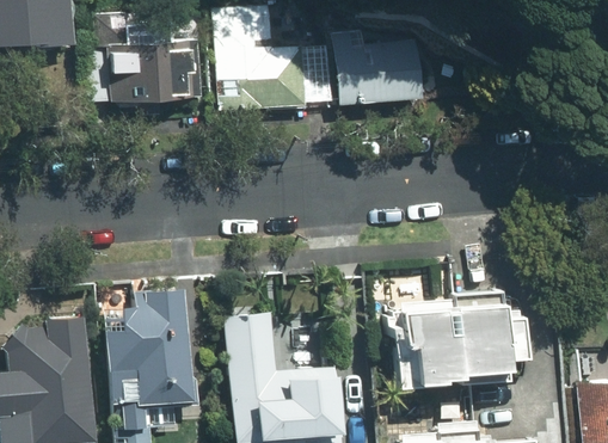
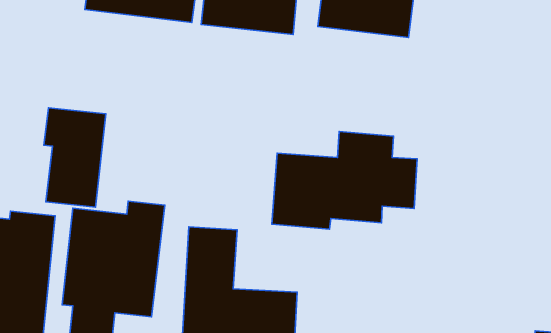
building: none -> [44,108,106,207]
building: [391,290,534,392] -> [272,131,417,229]

